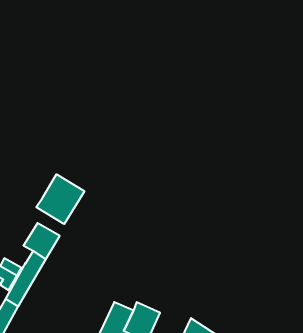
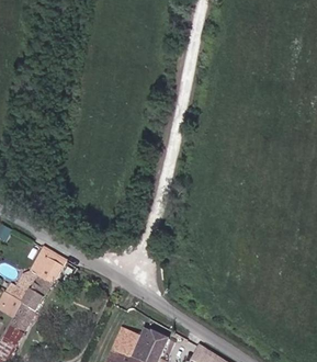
building: [36,174,84,224] -> none

